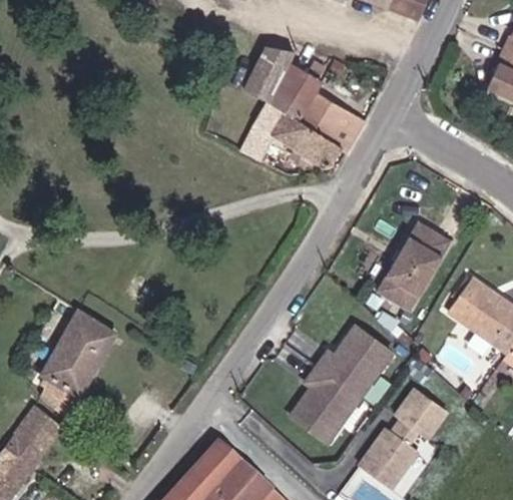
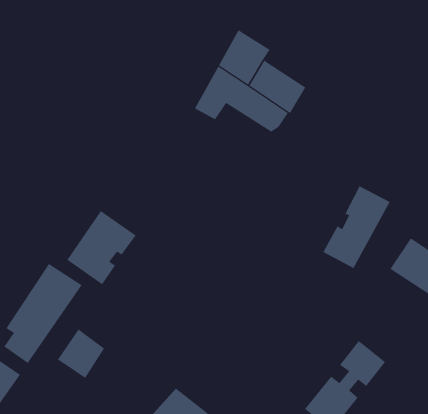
building: [248,42,291,91] -> none
building: none -> [67,210,137,285]
building: [292,328,396,442] -> none
building: none -> [57,328,105,379]

